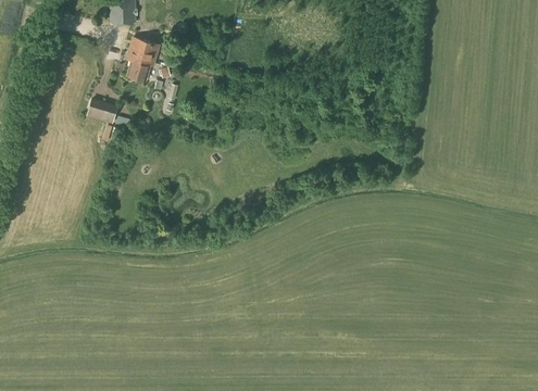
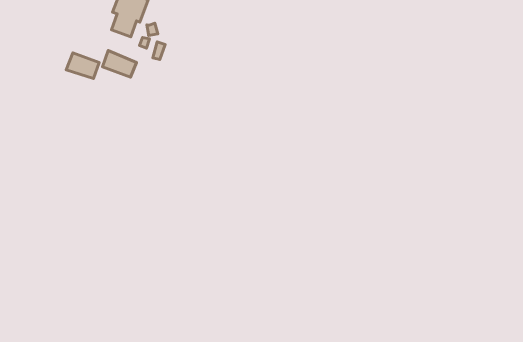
building: none -> [103,50,136,77]

